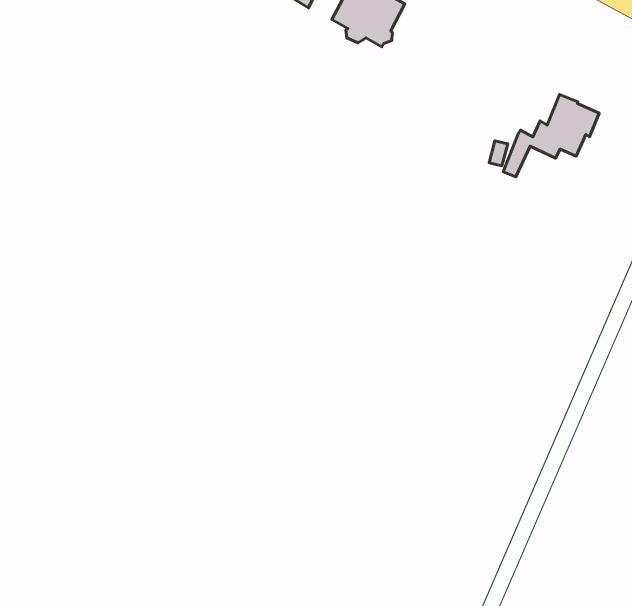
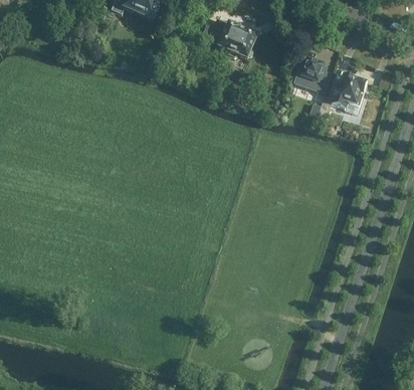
building: none -> [299,57,332,96]

